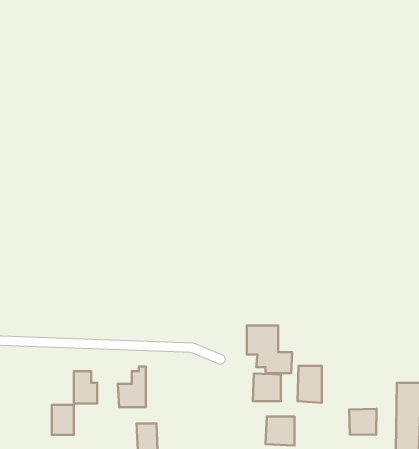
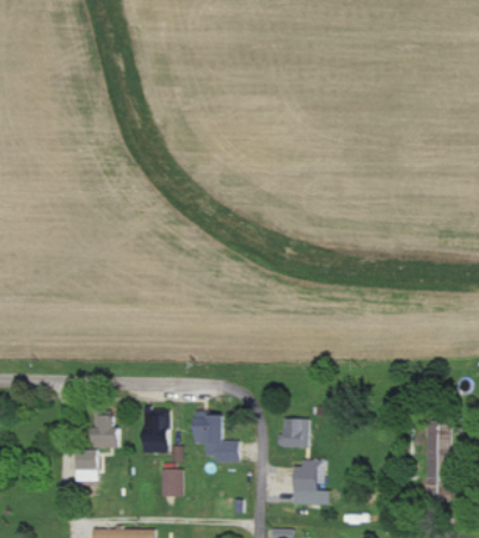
building: [247,326,292,373] -> [192,413,239,462]
building: [298,366,322,403] -> none
building: [349,409,377,435] -> none

